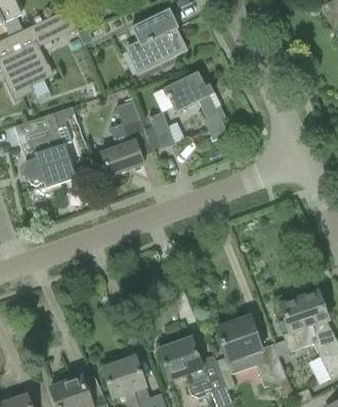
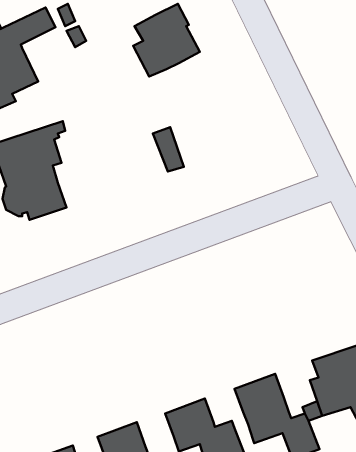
building: [165,71,227,139] -> none
building: [99,99,152,176] -> none

